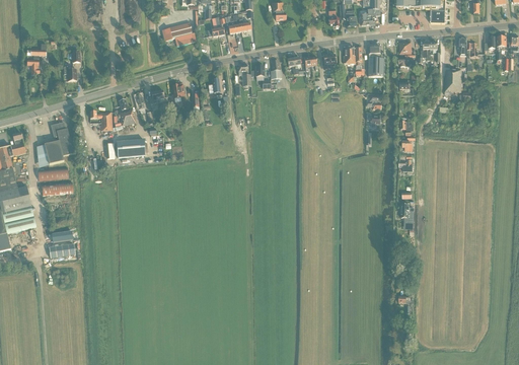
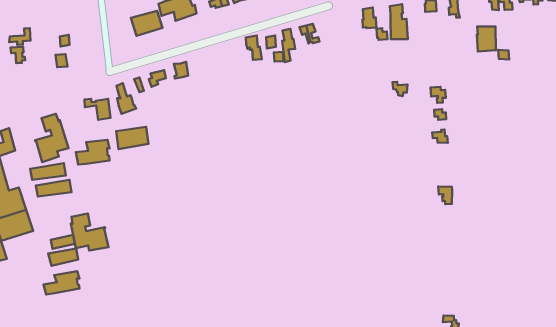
building: none -> [131,11,163,36]
building: none -> [76,140,110,165]
building: none -> [71,213,108,250]
building: none -> [43,271,80,294]

